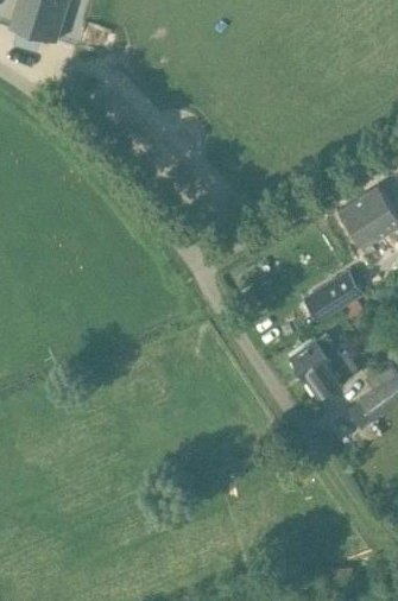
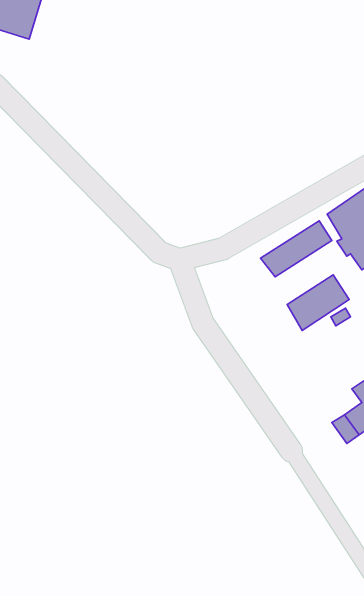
building: none -> [261,221,332,277]
building: [290,335,356,398] -> none

